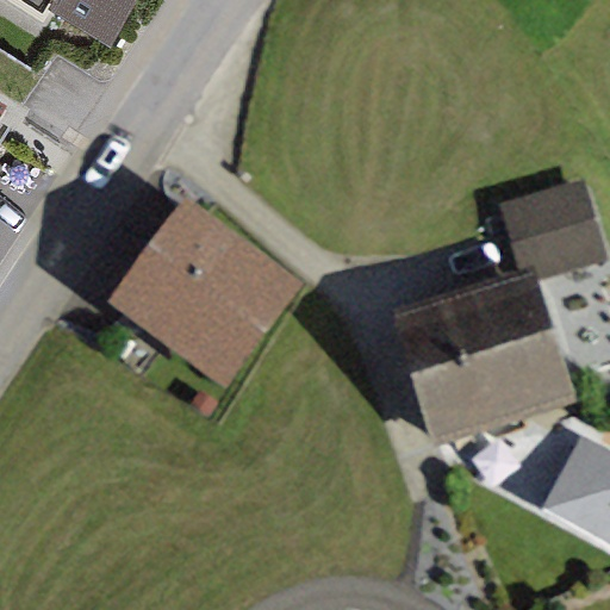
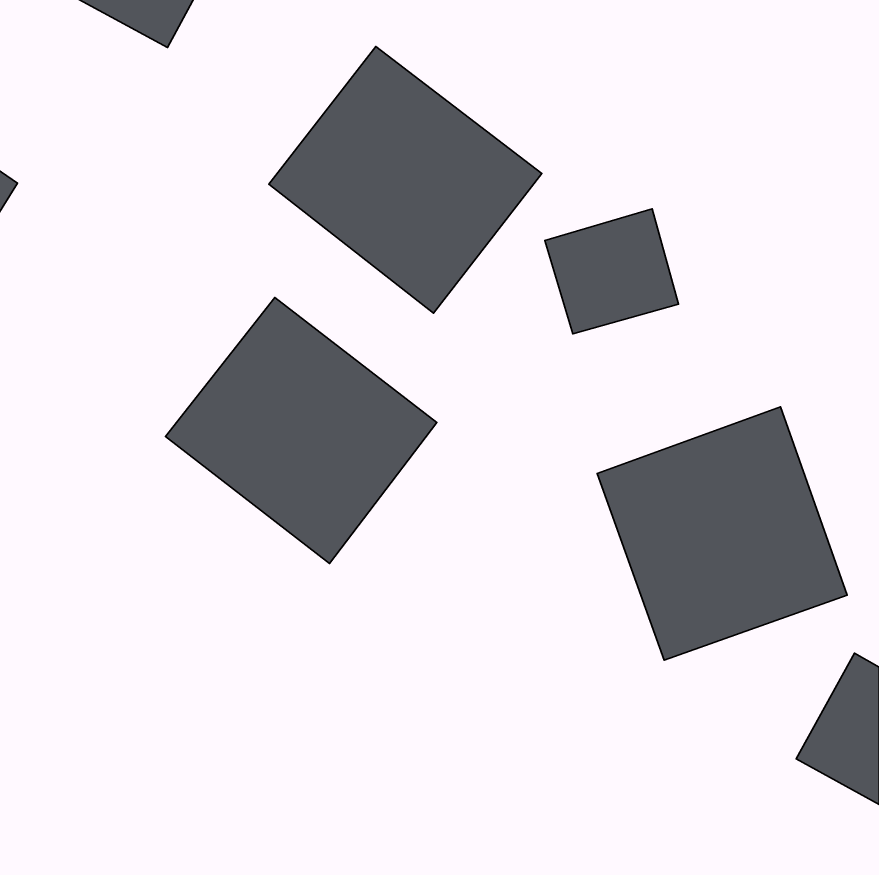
building: none -> [269,46,542,313]
building: [499,181,590,266] -> [545,209,679,334]

